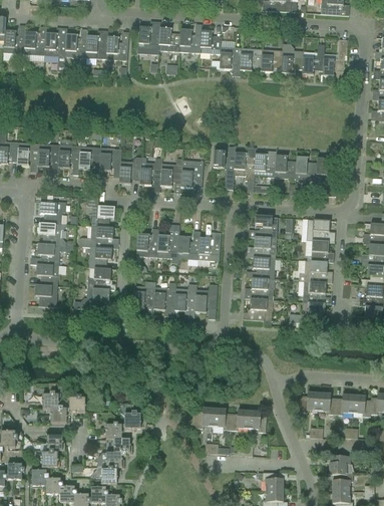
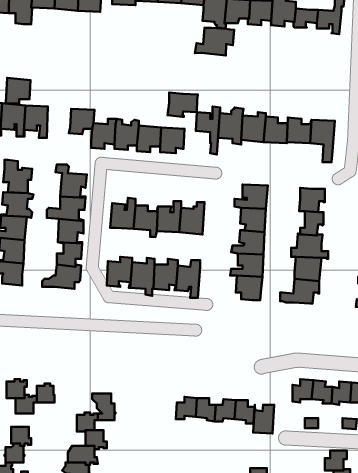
building: none -> [195,28,234,55]
building: none -> [168,92,198,117]
building: [78,146,100,169] -> [6,78,30,104]
building: none -> [253,405,274,434]

